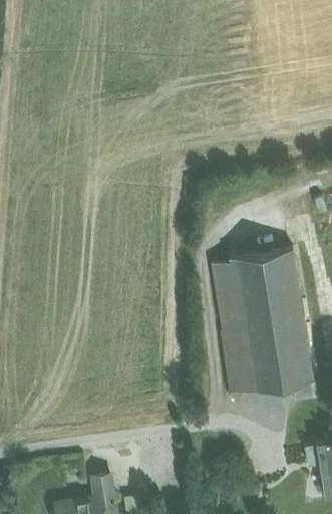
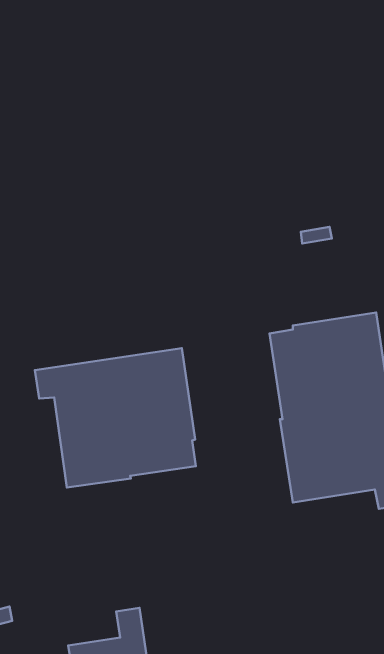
building: none -> [35,348,196,487]

